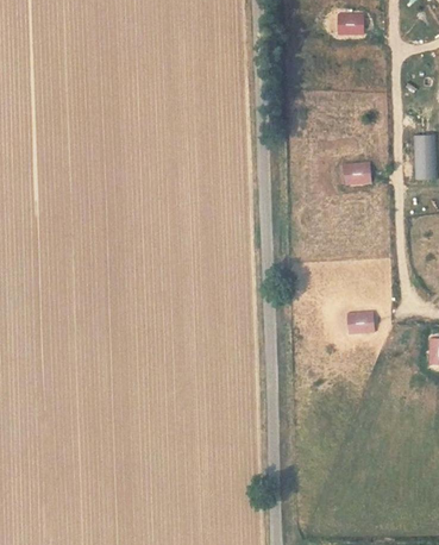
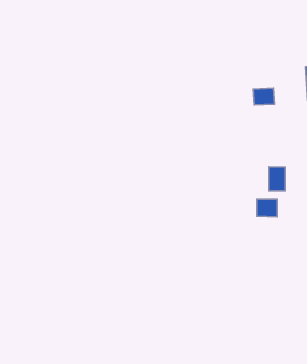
building: none -> [269,167,285,191]

